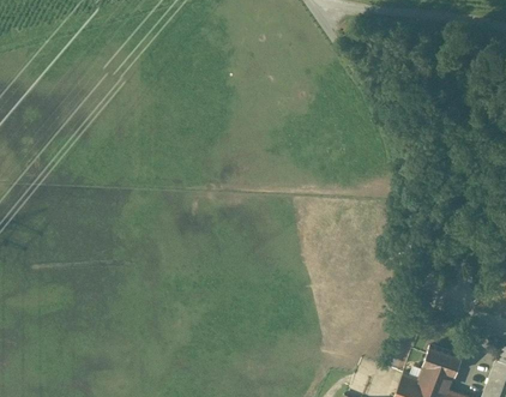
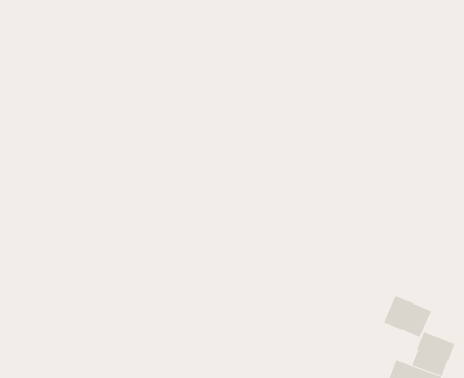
building: none -> [383,295,432,338]

